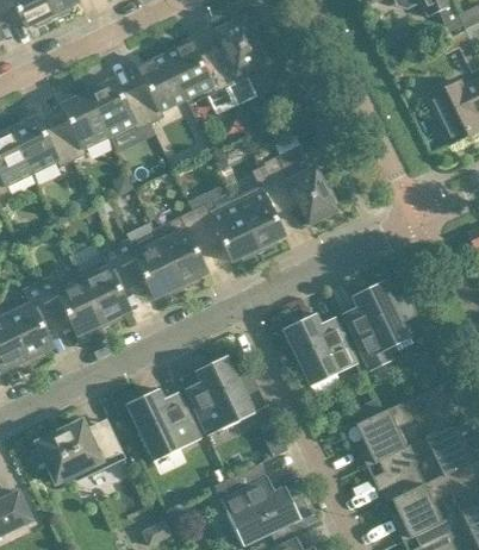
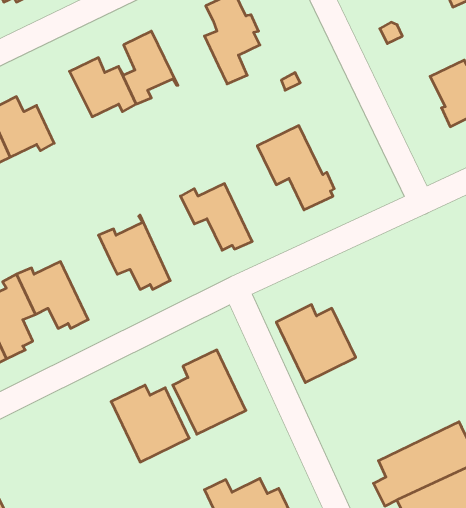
building: [166,42,238,115] -> none
building: [57,92,110,160] -> none
building: [235,162,286,252] -> none
building: [155,210,209,289] -> none
building: [80,246,133,326] -> none
building: [343,280,418,370] -> none
building: [357,385,449,465] -> none
building: [33,419,125,482] -> none

